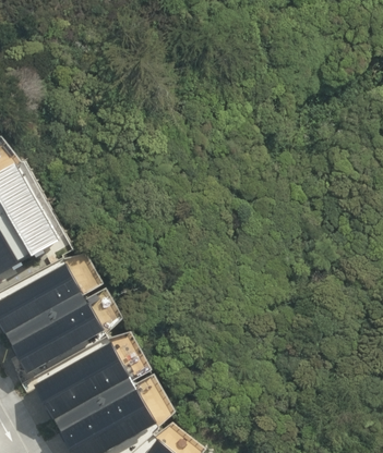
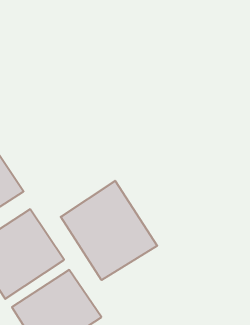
building: none -> [61,181,157,280]

